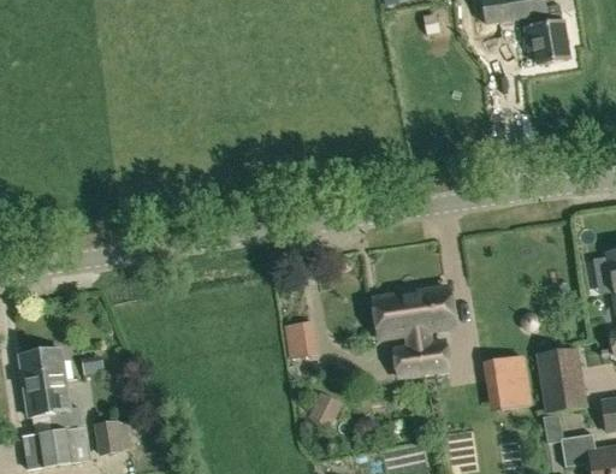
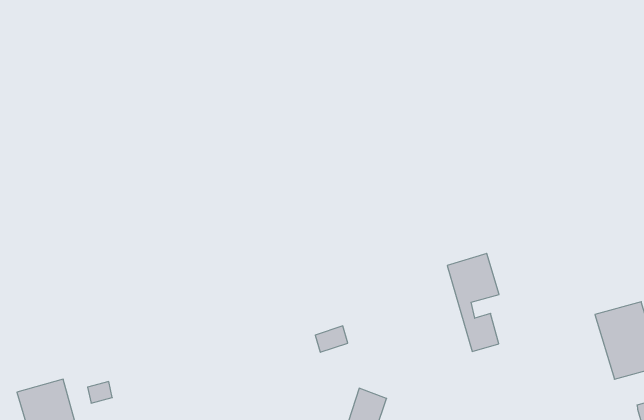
building: [373,292,422,374] -> none
building: [491,355,531,407] -> none

